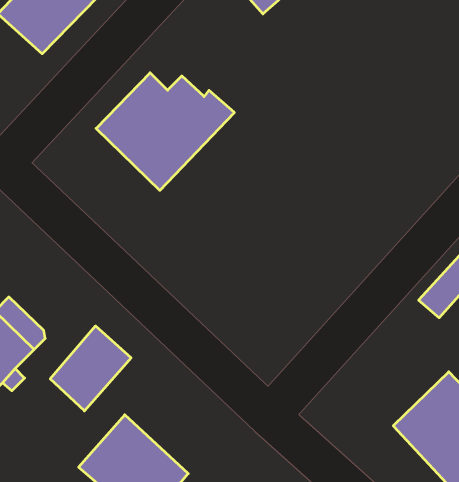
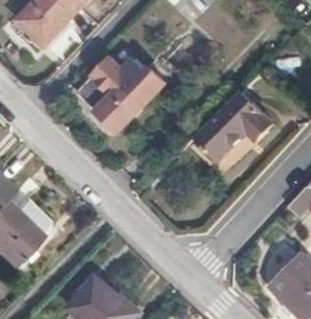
building: none -> [193,93,270,162]
building: [50,326,131,411] -> none

